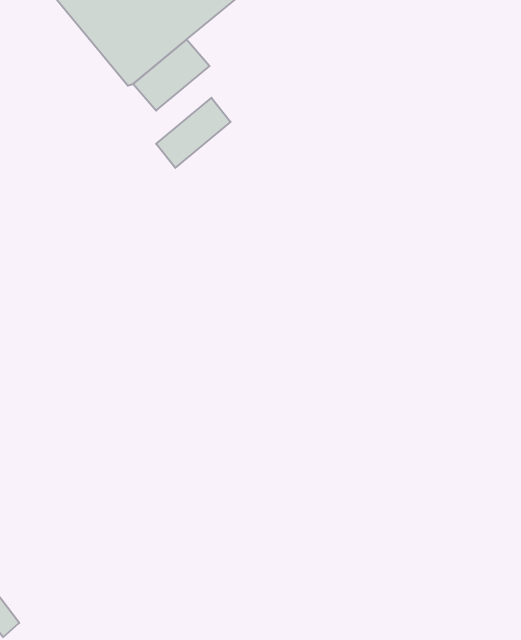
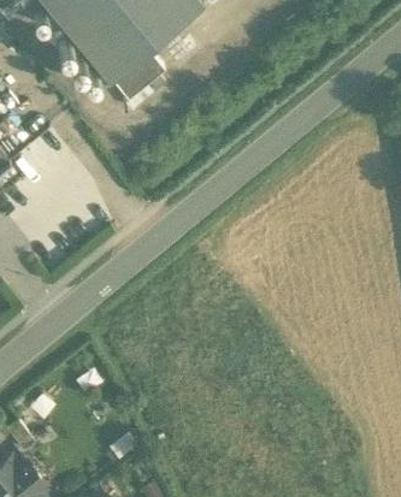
building: [156,98,231,168] -> none

